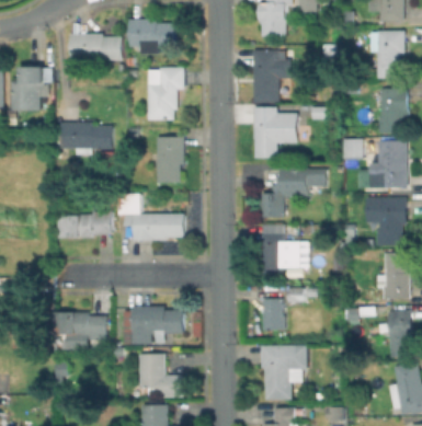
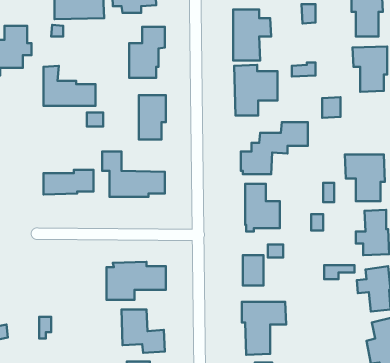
building: [370,140,406,187] -> none
building: [58,312,107,350] -> none

